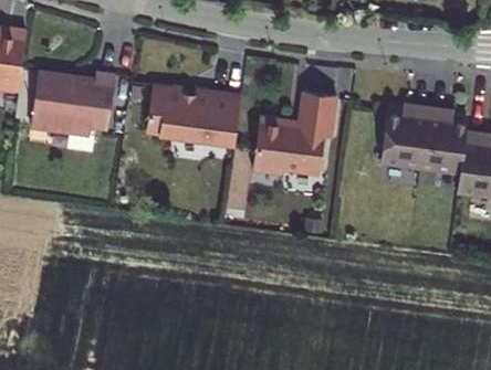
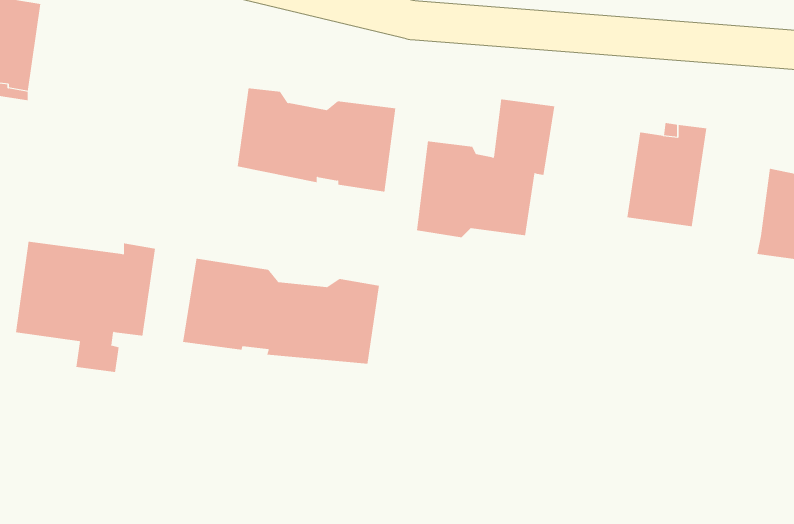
building: [31,73,116,152] -> [15,241,156,373]
building: [420,107,468,172] -> none
building: none -> [183,258,380,365]

